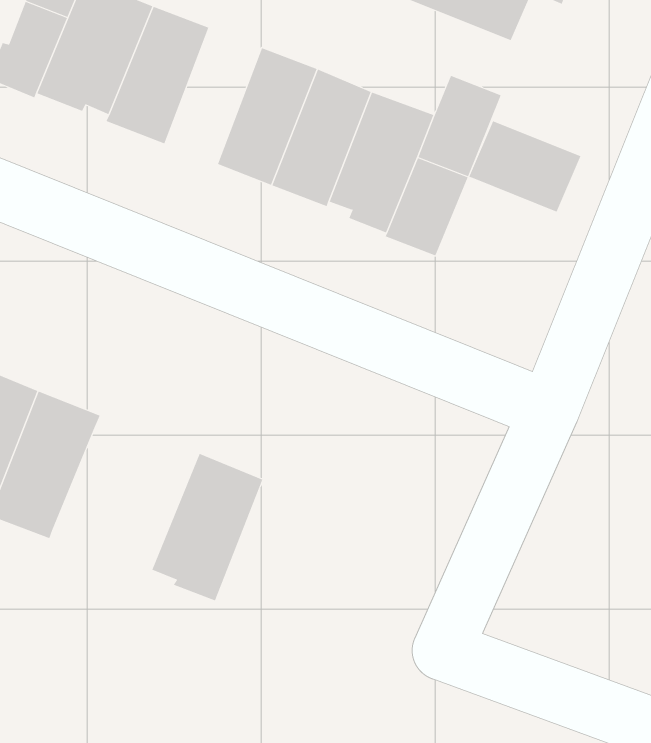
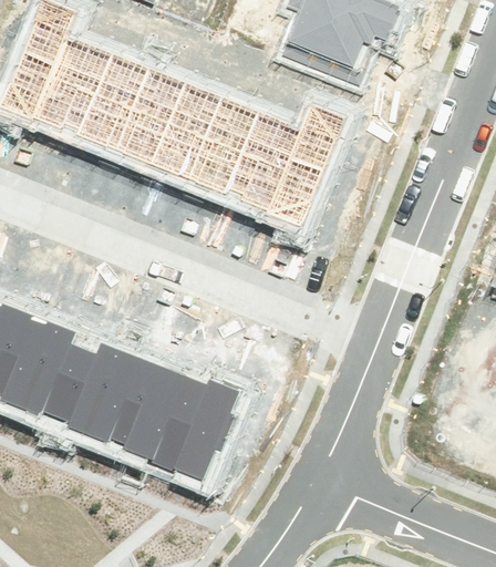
building: none -> [116,71,182,163]
building: [469,121,581,213] -> none
building: none -> [41,341,140,442]
building: none -> [149,375,237,478]

